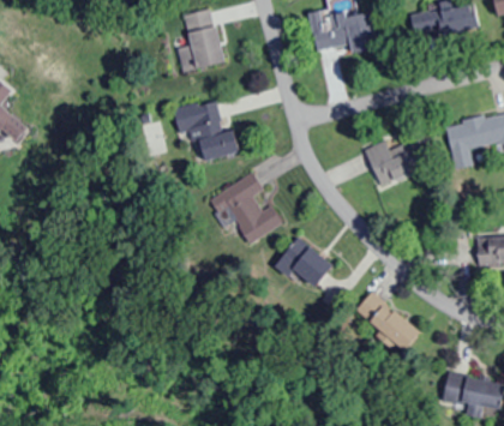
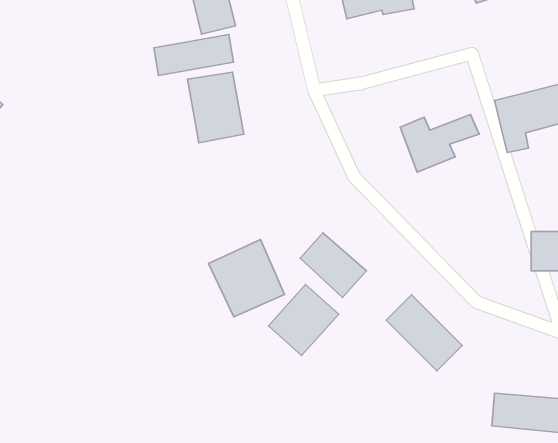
building: none -> [154,34,234,76]
building: [210,175,275,241] -> [208,240,284,317]
building: none -> [269,284,339,356]

